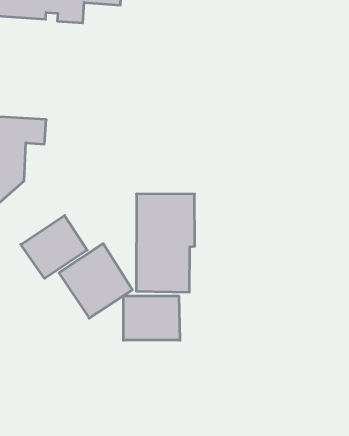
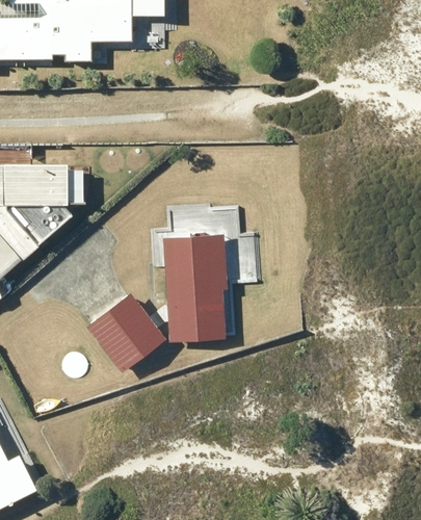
building: [21,215,87,278] -> none
building: [123,296,180,340] -> none

